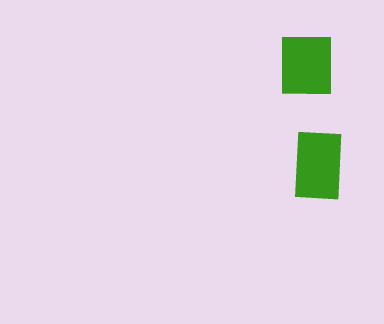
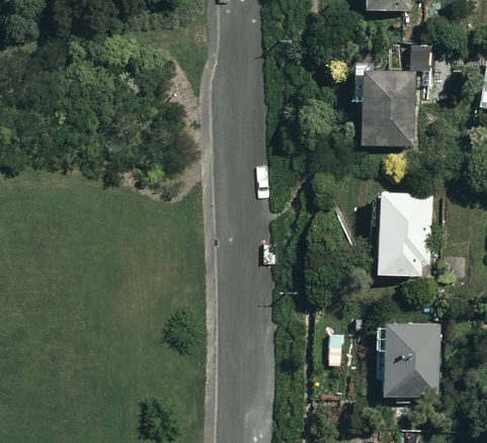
building: none -> [375,326,441,398]

